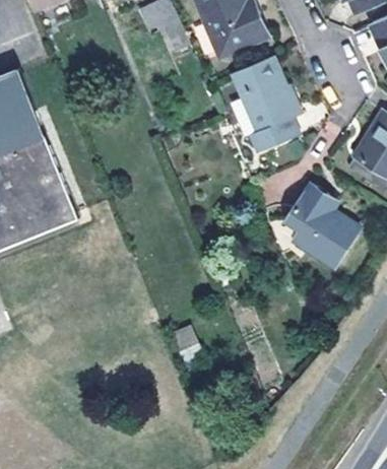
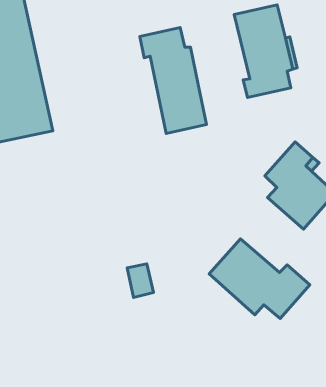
building: none -> [140,28,207,133]
building: none -> [209,239,310,318]

